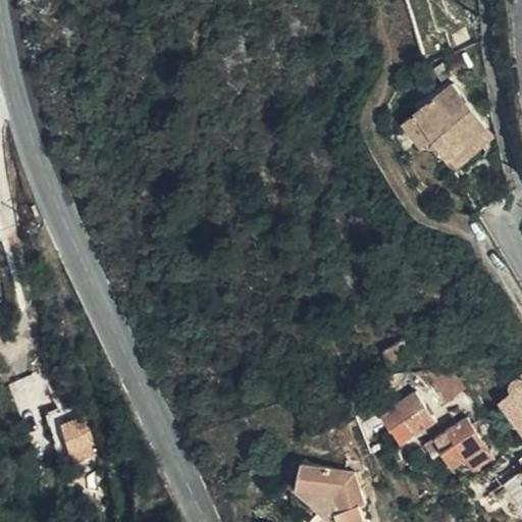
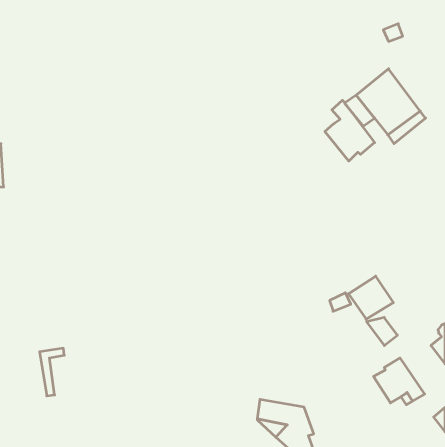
building: none -> [325,100,375,161]
building: [380,394,432,443] -> [348,276,393,319]
building: [60,416,89,461] -> none

